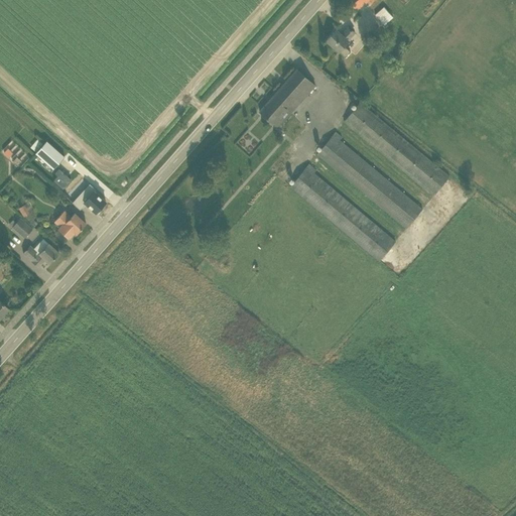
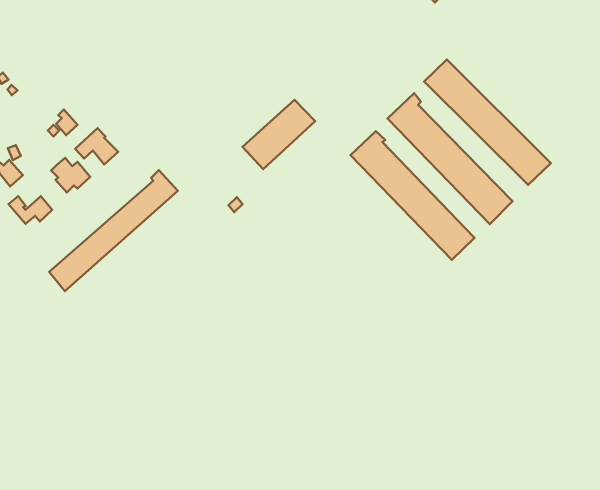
building: [259,70,314,127] -> [242,100,315,169]
building: [35,140,64,168] -> none
building: none -> [49,170,178,291]

